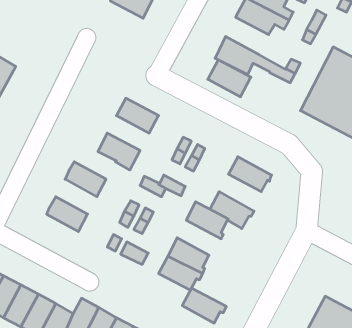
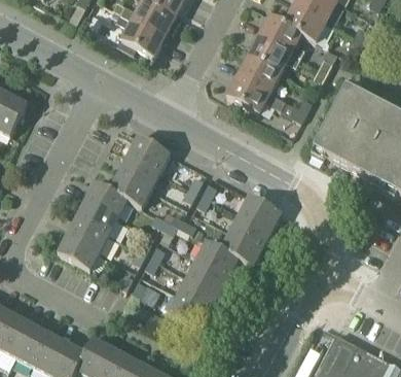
building: [208,60,251,97] -> [238,54,281,91]
building: none -> [119,152,161,187]
building: none -> [86,180,129,216]
building: none -> [231,211,274,248]
building: none -> [68,216,109,251]
building: [182,288,226,323] -> [189,258,233,293]

